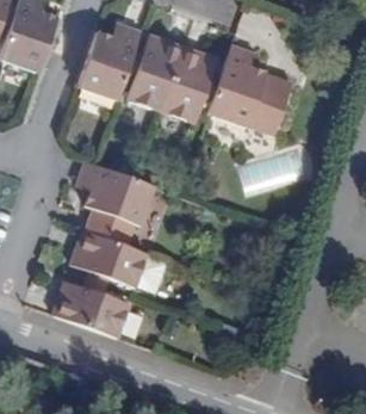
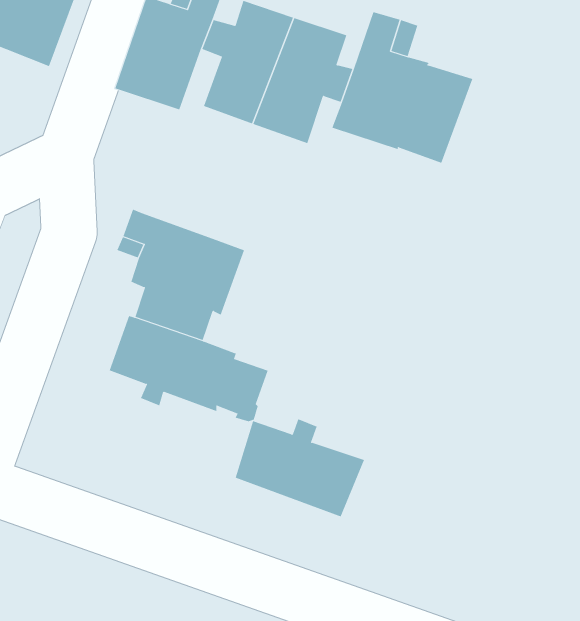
building: [51,276,130,335] -> [235,419,365,517]

